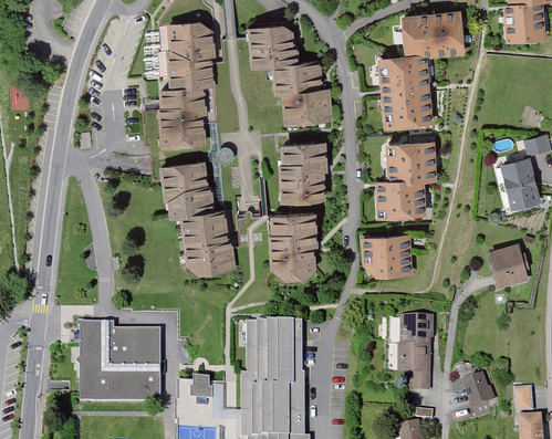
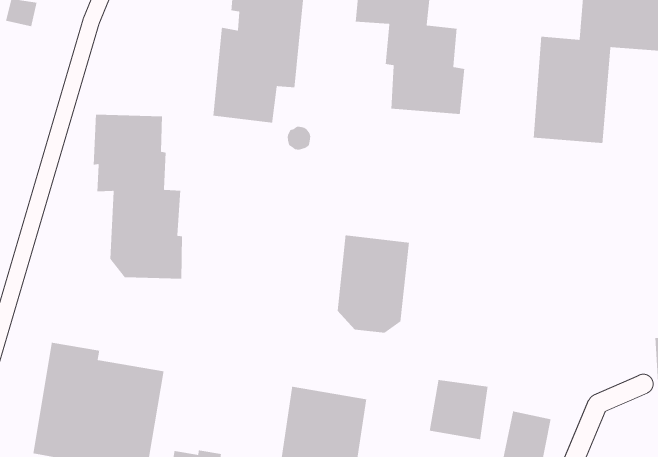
building: [278,142,327,202] -> none
building: [379,145,435,222] -> none
building: [159,160,238,275] -> [93,114,183,280]
building: [371,239,407,276] -> [429,379,488,440]

